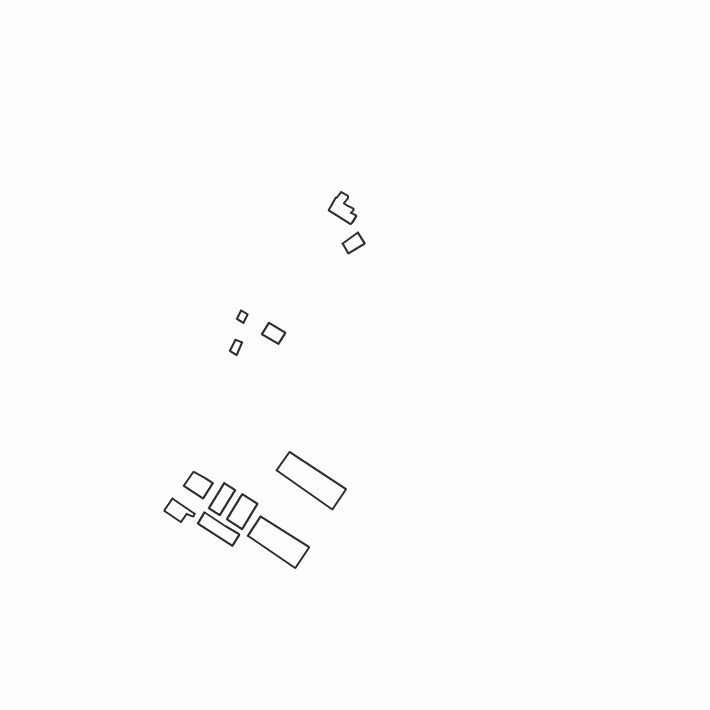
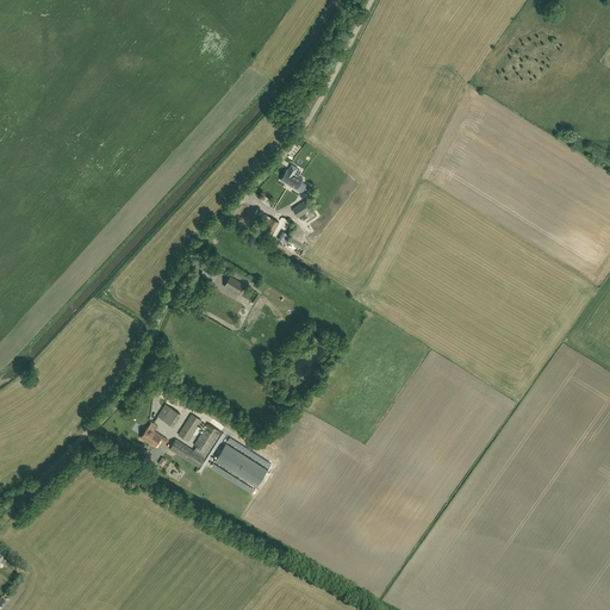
building: [277,452,346,509] -> none

